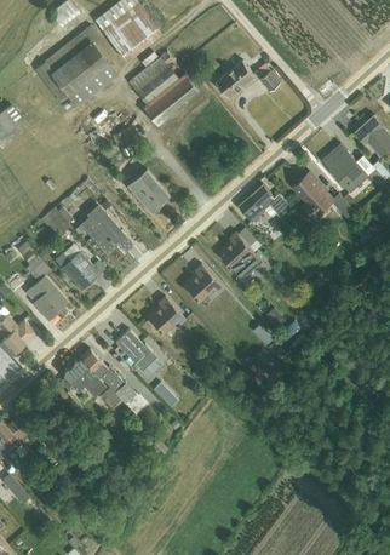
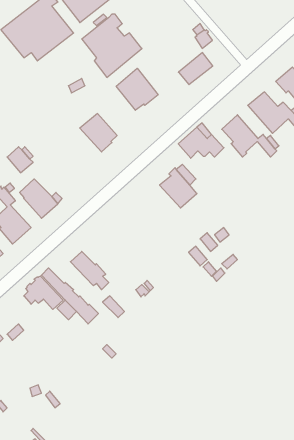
building: [216,61,256,98] -> [178,53,213,85]
building: none -> [116,68,158,110]
building: [74,201,134,254] -> none
building: [183,264,222,303] -> none
building: [147,297,185,336] -> none

